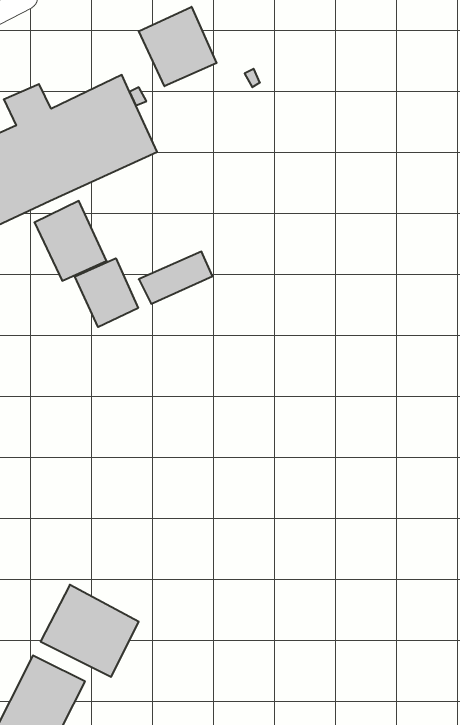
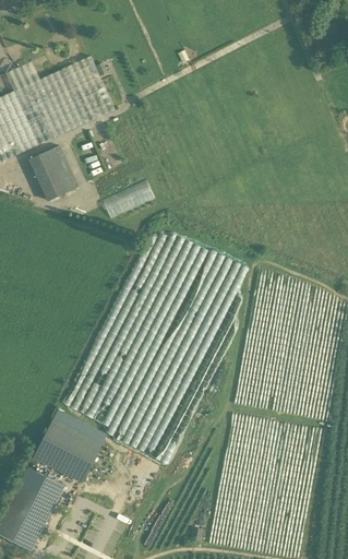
building: [139,7,217,86] -> none
building: [75,258,138,327] -> none

